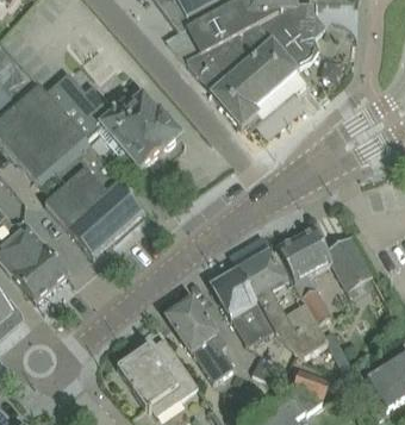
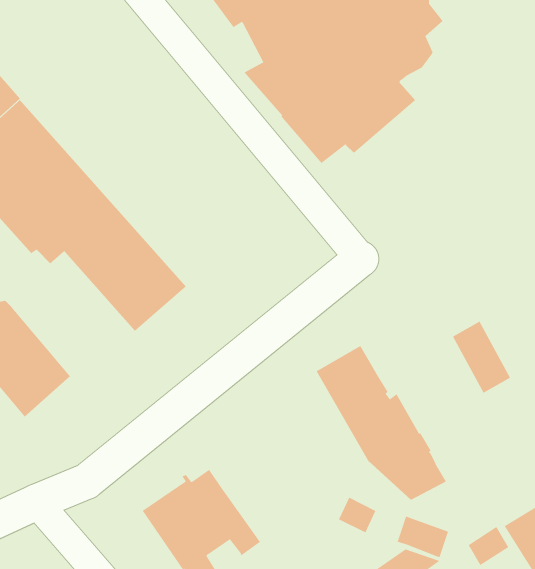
building: [44,74,176,167] -> none
building: [43,187,111,258] -> none
building: [275,227,331,326] -> none
building: [210,269,272,345] -> none
building: [166,298,233,382] -> none

